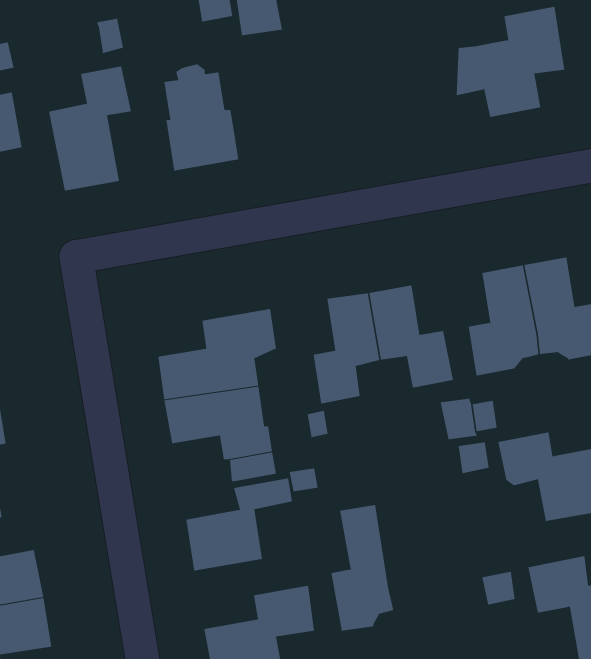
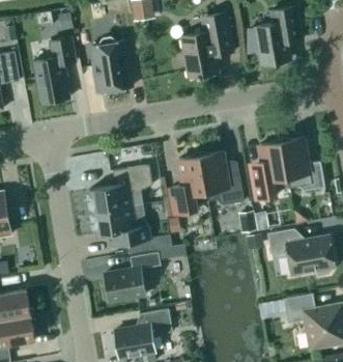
building: none -> [181,12,233,78]
building: [331,504,394,631] -> none

